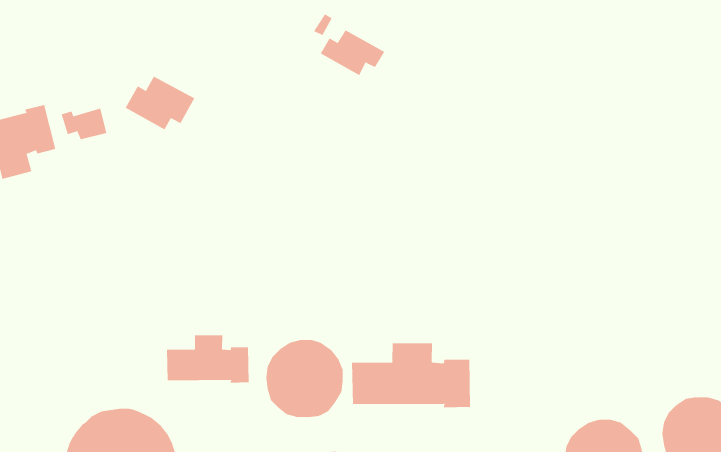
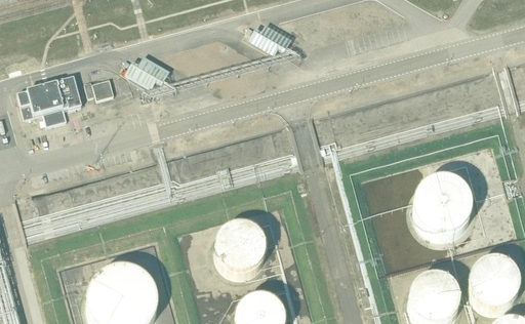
building: none -> [413,176,471,234]
building: [166,334,249,383] -> none
building: [351,343,470,408] -> none

